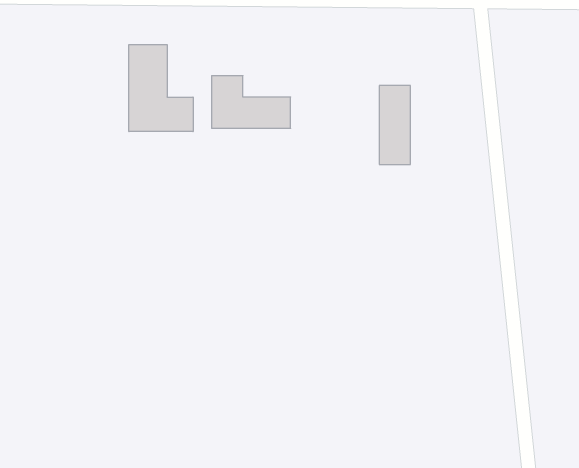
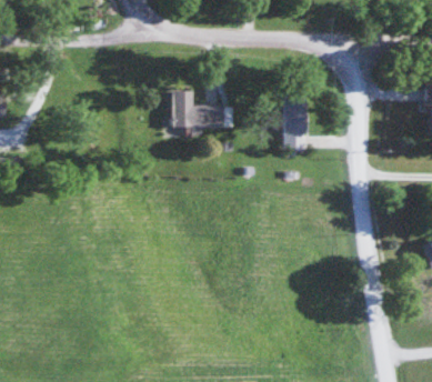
building: [129,45,193,132] -> none

